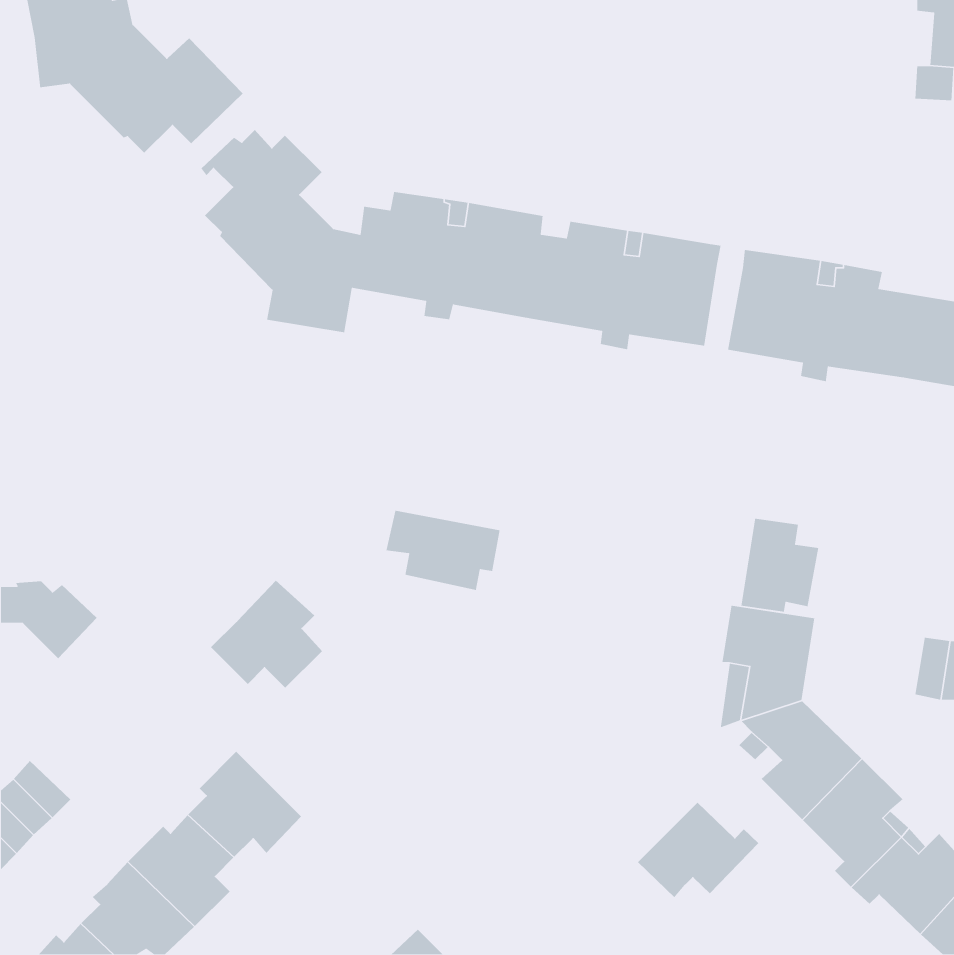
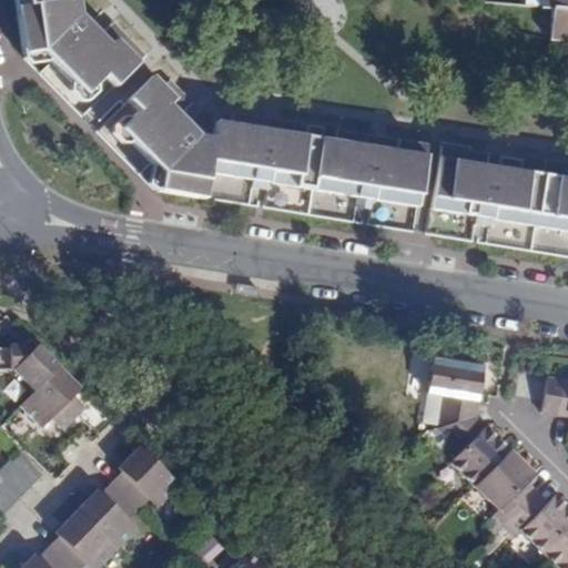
building: [385,510,501,591] -> none
building: [740,518,819,613] -> none
building: [210,580,323,688] -> [21,366,88,430]
building: [637,802,759,898] -> none

